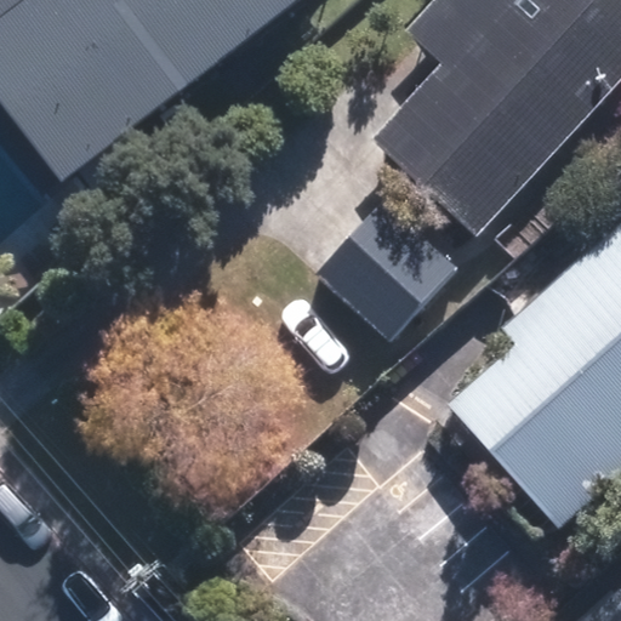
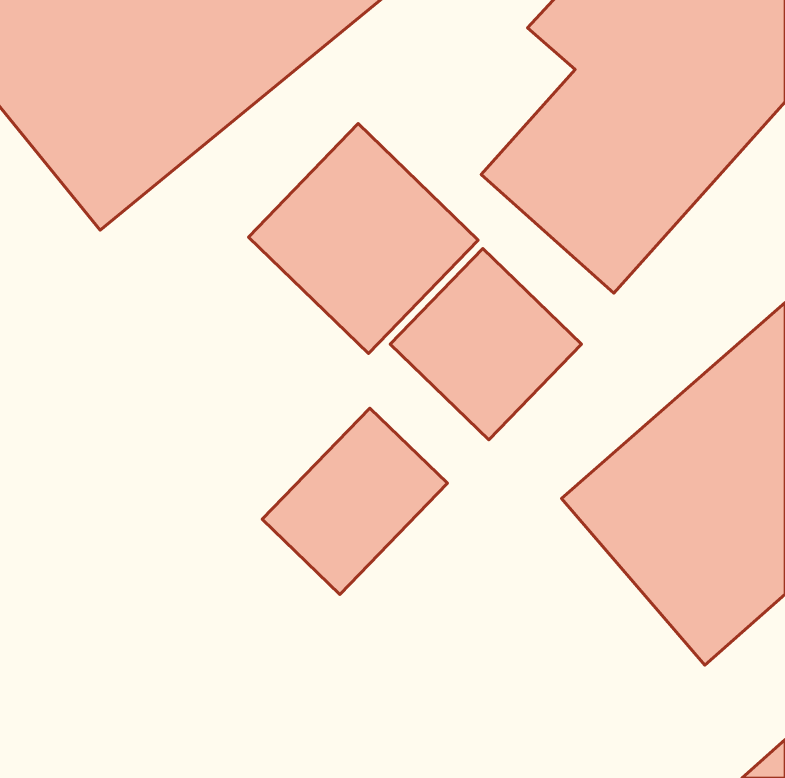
building: none -> [248,124,478,353]
building: none -> [262,408,447,594]

